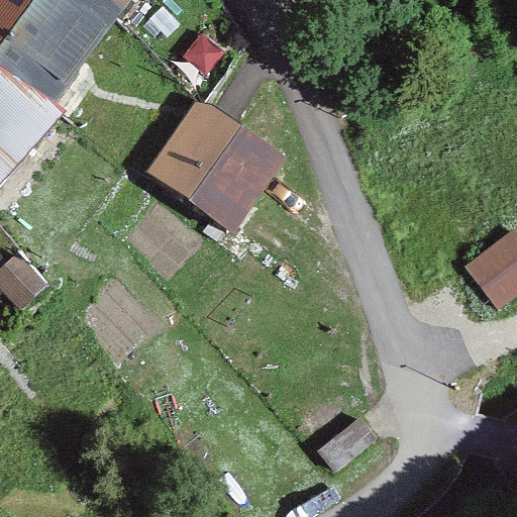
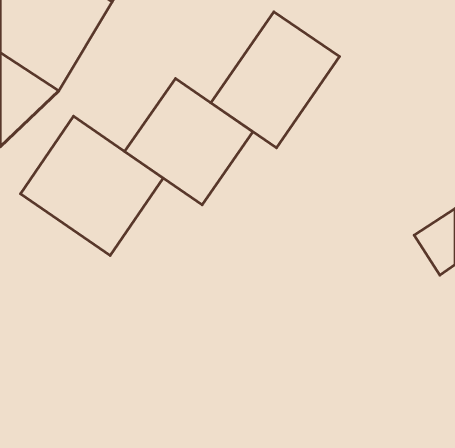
building: none -> [211,12,339,148]
building: none -> [21,116,163,256]

